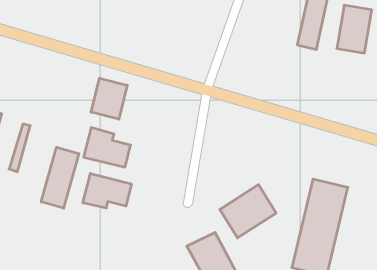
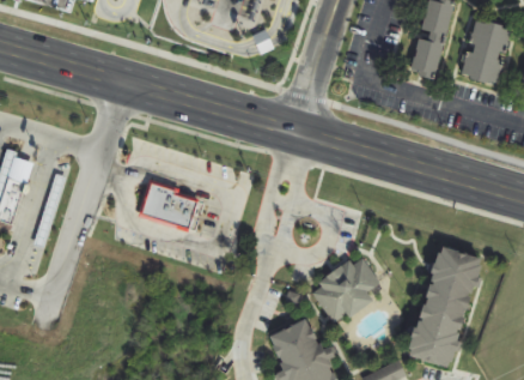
building: [91,78,127,119] -> none
building: [41,147,79,208] -> none
building: [83,173,131,208] -> none

